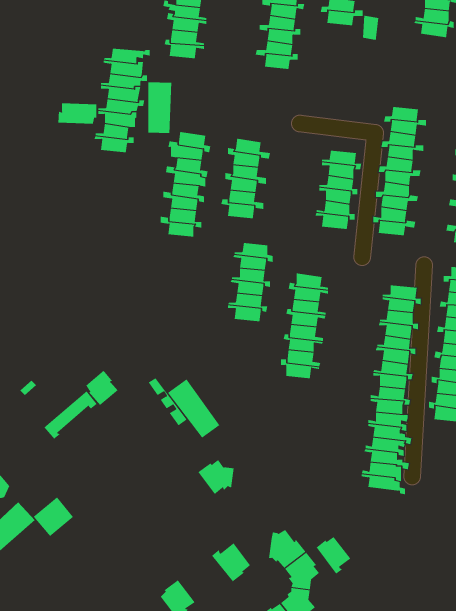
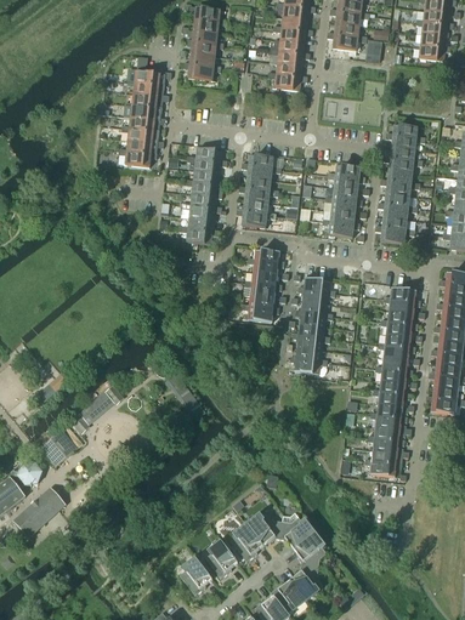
building: [148,81,172,134] -> none
building: [58,103,97,124] -> none
building: [85,370,118,406] -> none
building: [167,378,220,439] -> none
building: [197,459,234,495] -> [248,512,282,545]
building: [33,497,74,537] -> [39,430,76,466]
building: [316,536,351,575] -> none
building: none -> [205,541,238,578]

